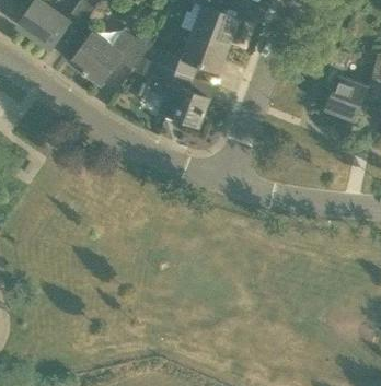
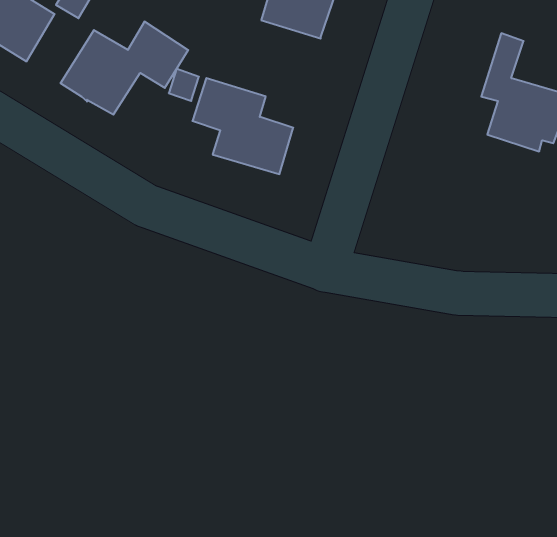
building: [159,33,229,79] -> none

